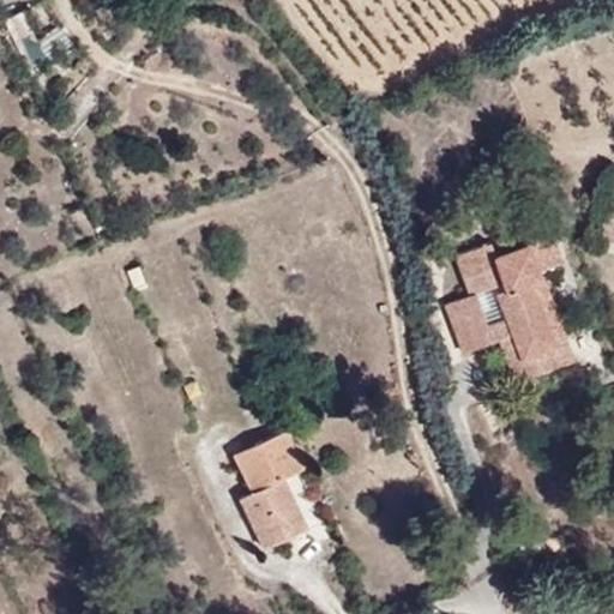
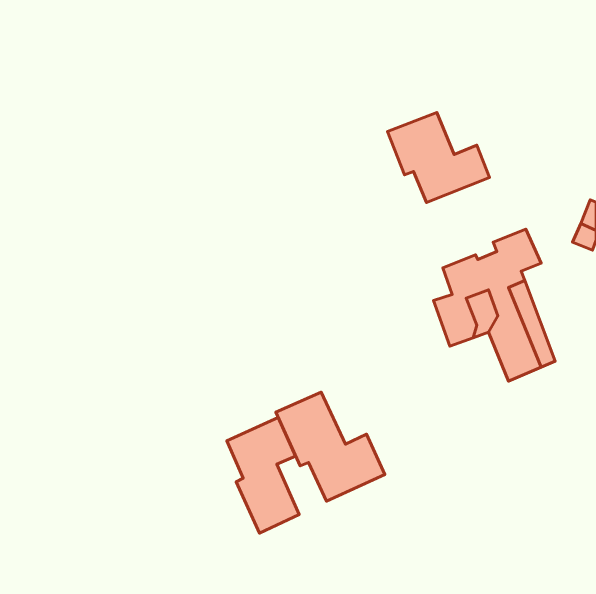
building: none -> [388,113,490,202]
building: none -> [276,392,385,501]

